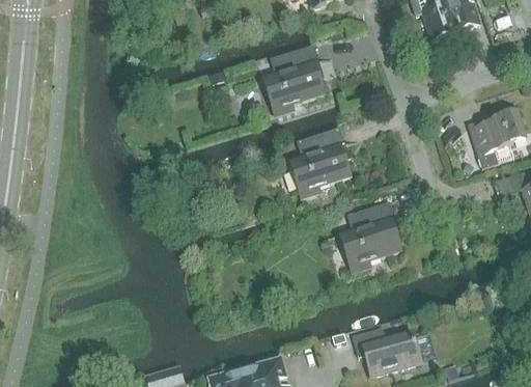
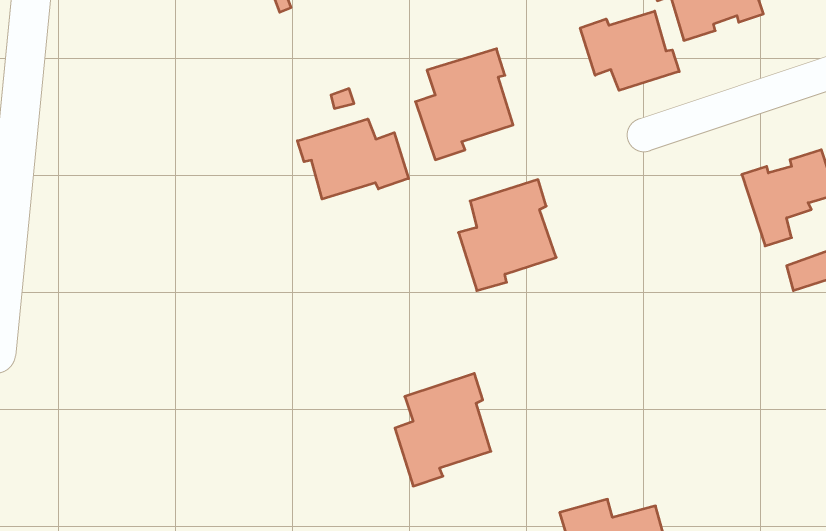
building: none -> [580,11,679,90]
building: none -> [297,119,409,199]
building: [340,201,400,272] -> [395,373,491,486]

